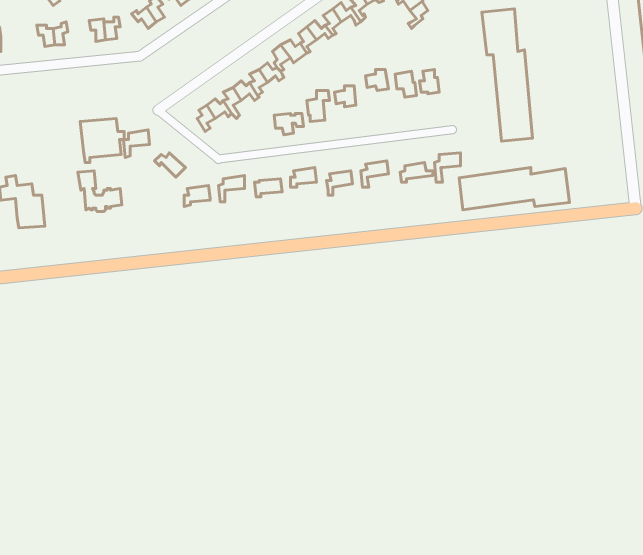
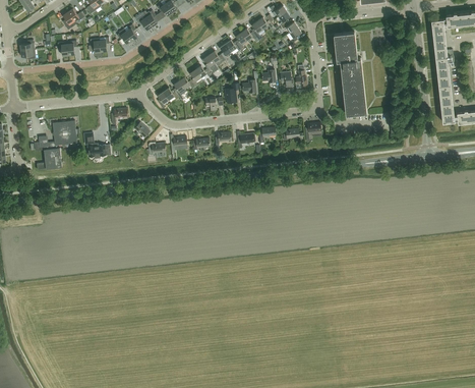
building: [80,118,124,163] -> [52,120,79,148]
building: [459,167,570,210] -> none

